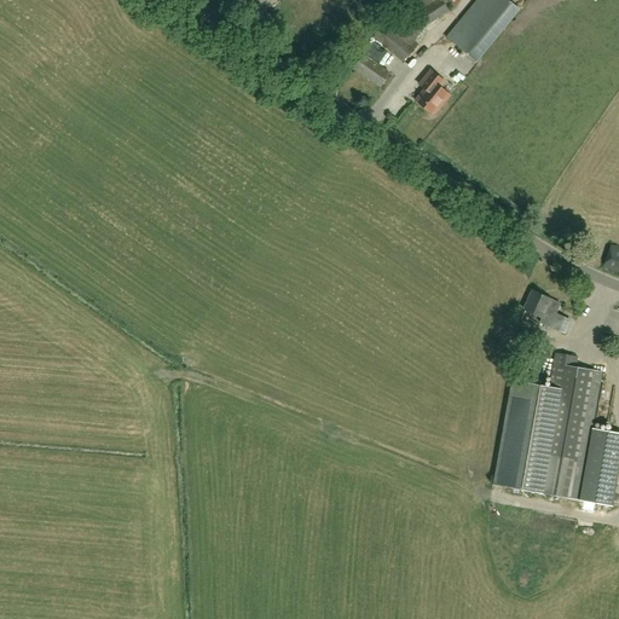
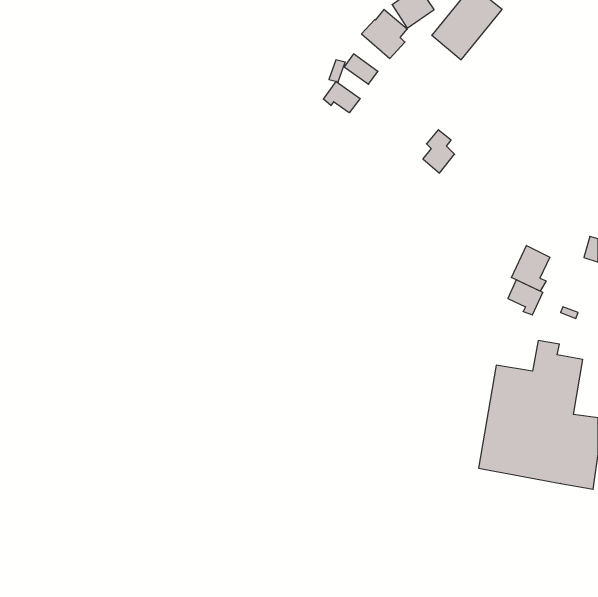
building: [417,69,450,114] -> [423,130,455,173]
building: none -> [323,81,360,113]
building: none -> [511,245,550,291]

